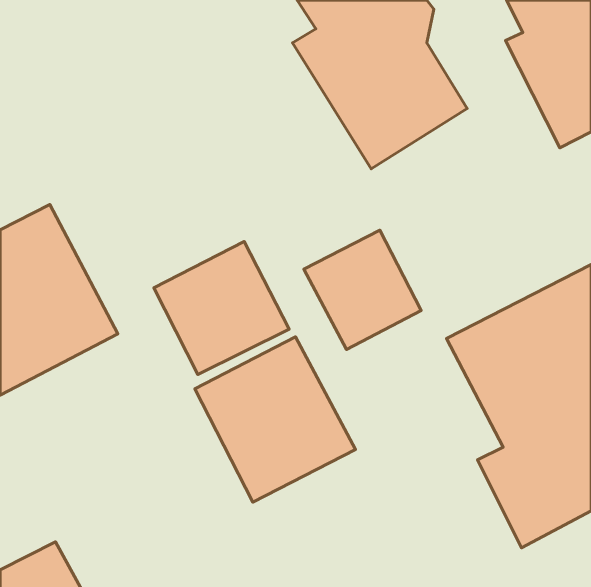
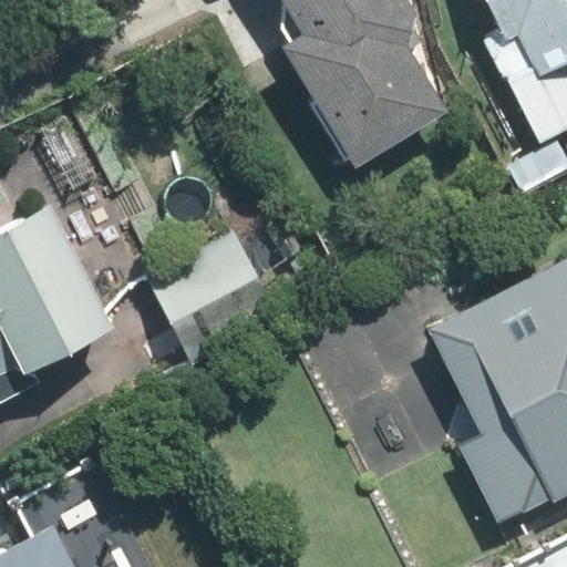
building: [304,230,421,349] -> none
building: [195,337,355,502] -> none

